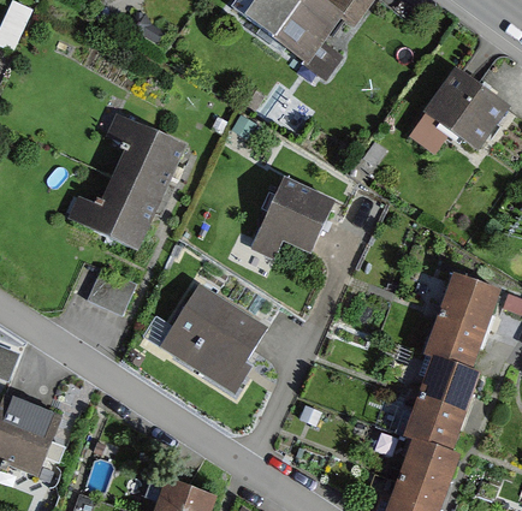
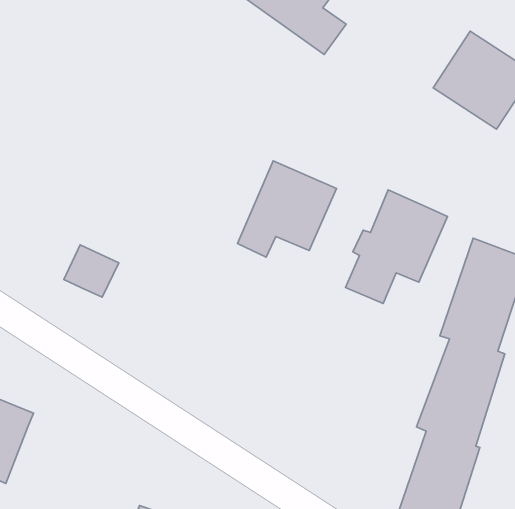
building: [63,115,186,257] -> none
building: none -> [345,190,447,304]
building: [159,286,275,399] -> none

